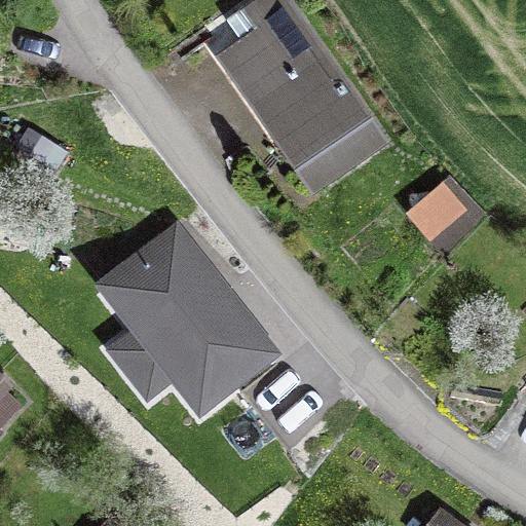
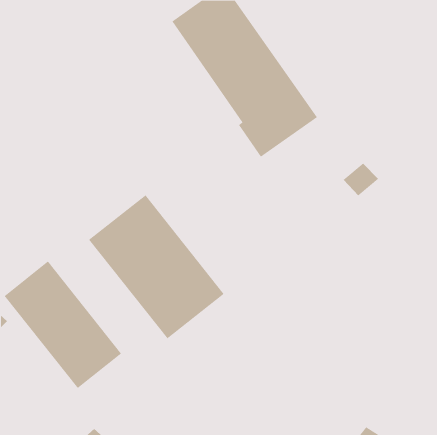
building: none -> [4,261,122,389]

